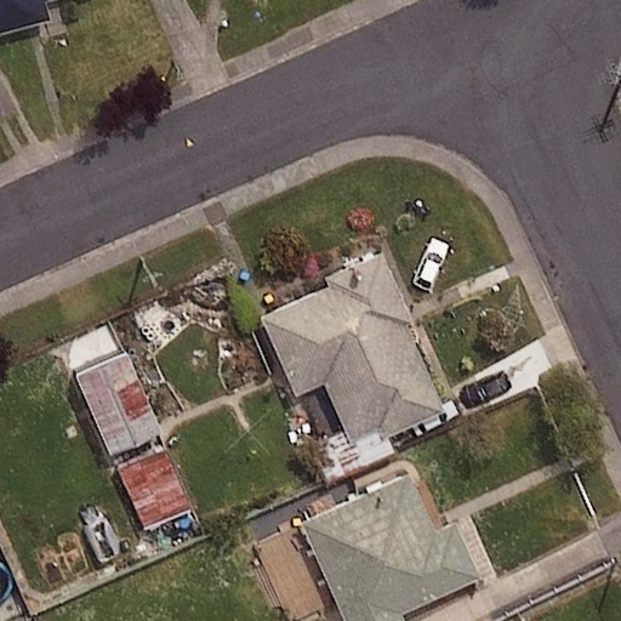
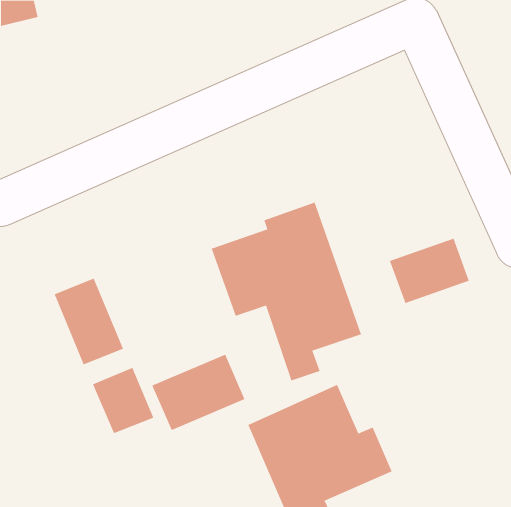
building: none -> [389,238,470,304]
building: none -> [151,354,245,431]

